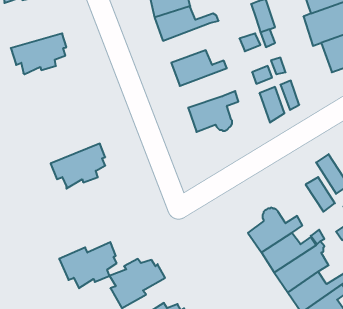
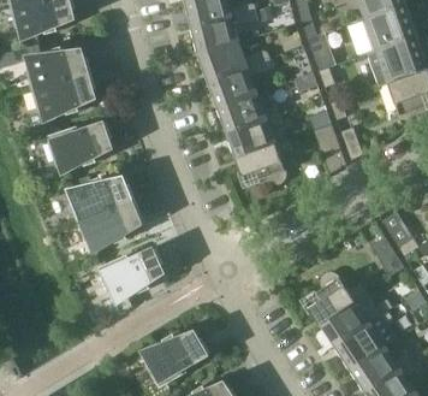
building: none -> [26,45,90,89]
building: none -> [206,58,273,106]
building: none -> [225,112,283,158]
building: none -> [46,122,111,171]
building: none -> [70,173,133,221]
building: [59,242,117,288] -> [96,248,162,301]

